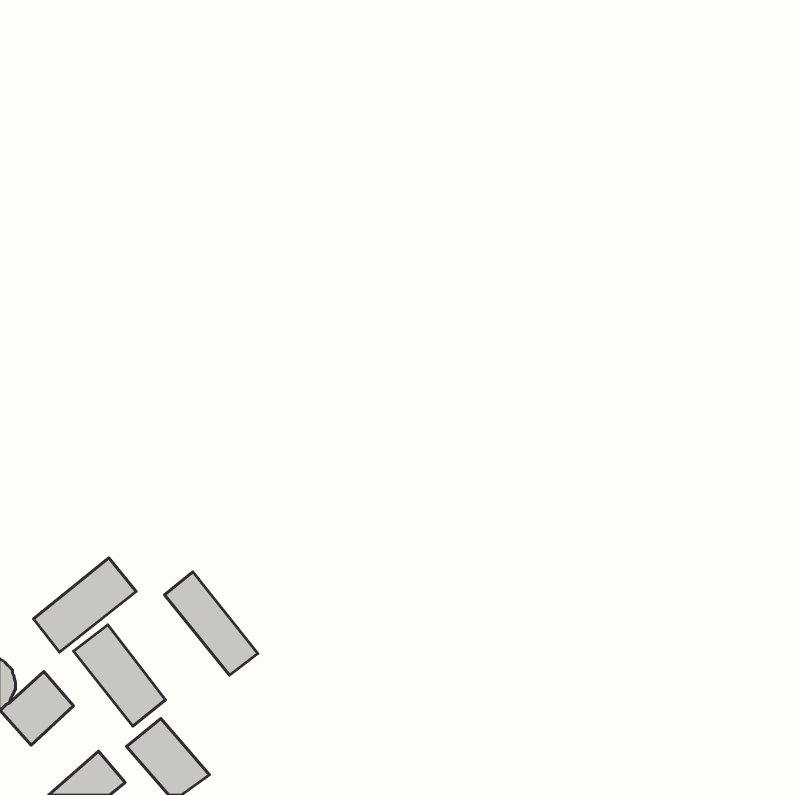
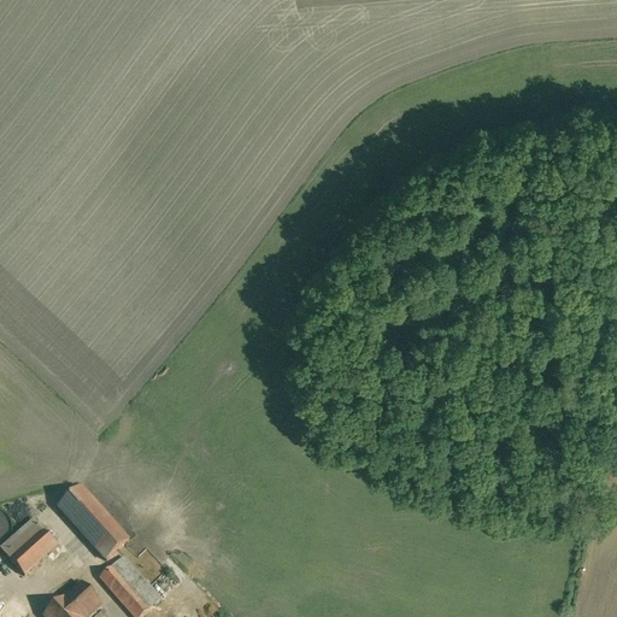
building: [34,558,136,652] -> none
building: [165,572,258,675] -> none

